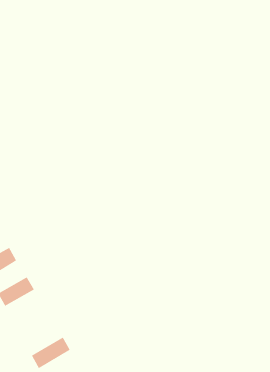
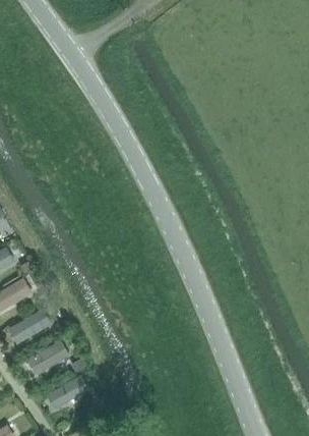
building: none -> [26,341,68,375]

